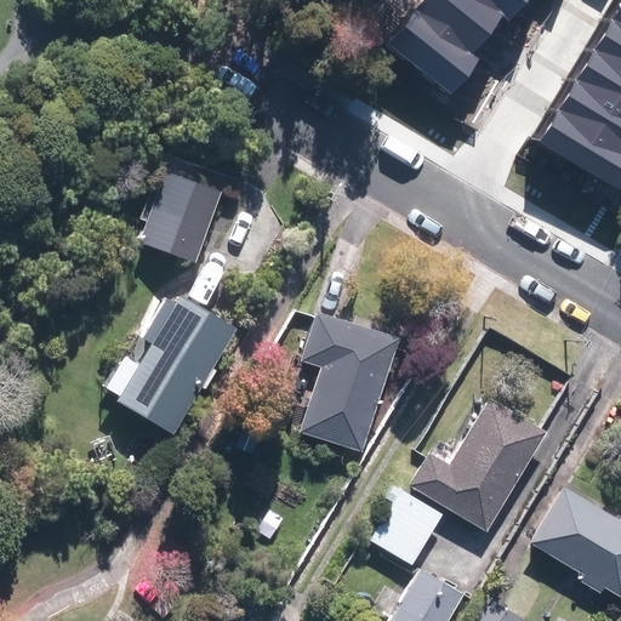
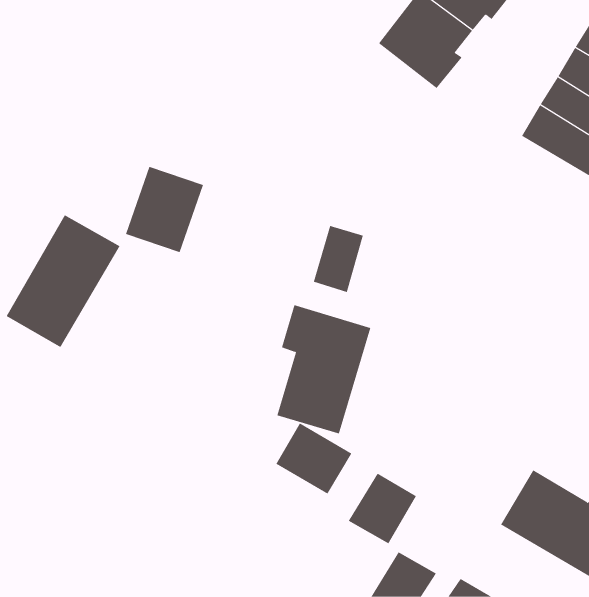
building: none -> [313,225,363,293]
building: [114,296,233,434] -> [6,214,121,348]
building: [410,399,545,530] -> none
building: none -> [275,423,352,495]

